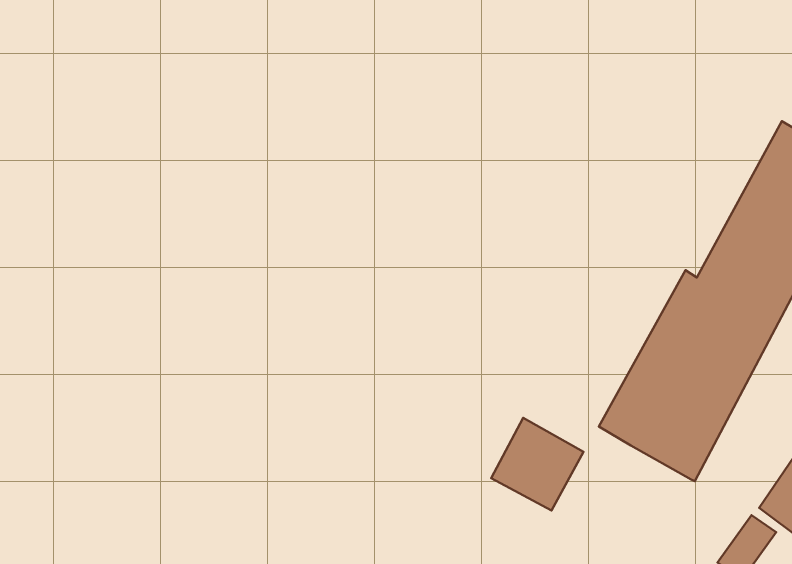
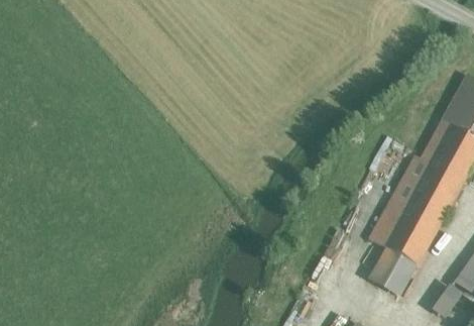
building: [491,418,583,510] -> [368,246,418,296]

